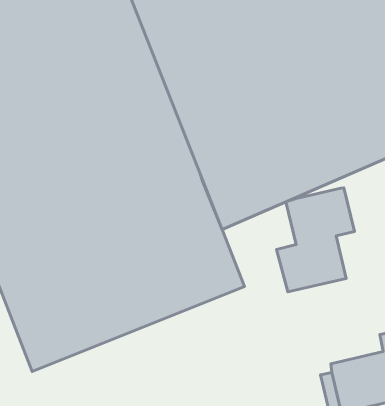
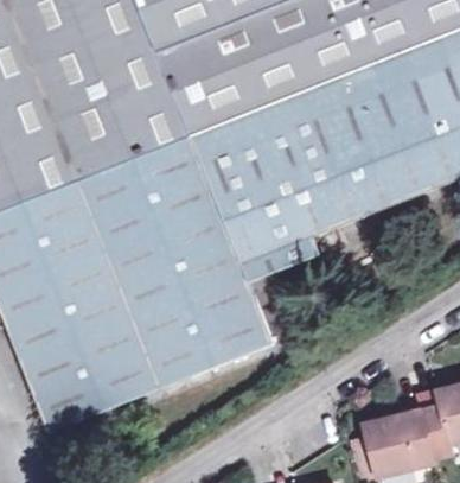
building: [277,188,354,292] -> none

